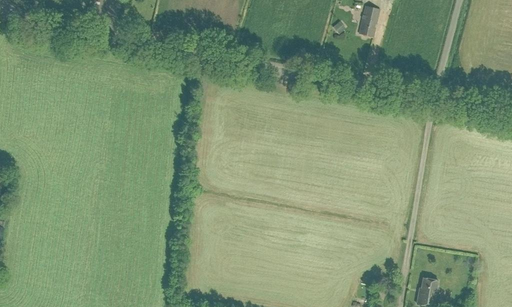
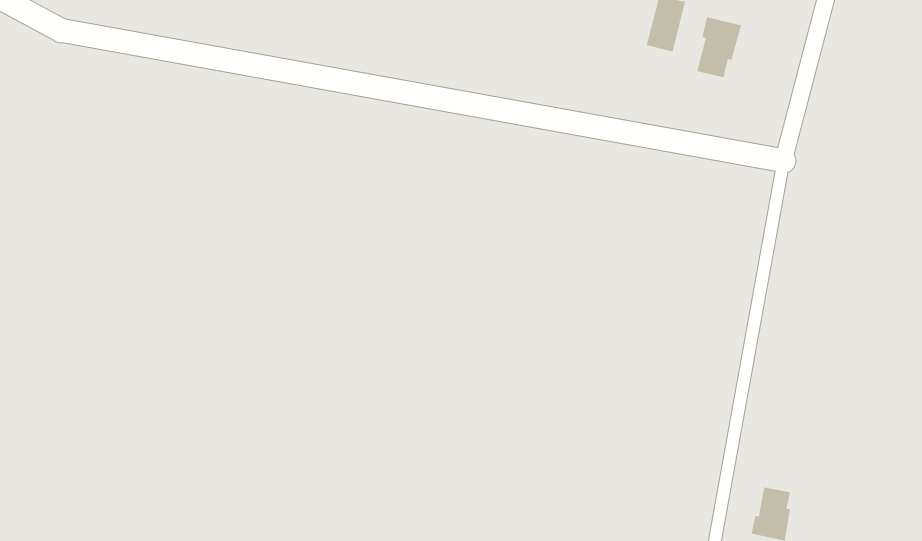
building: none -> [697,16,742,78]

